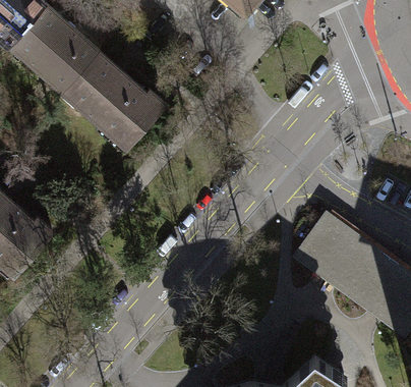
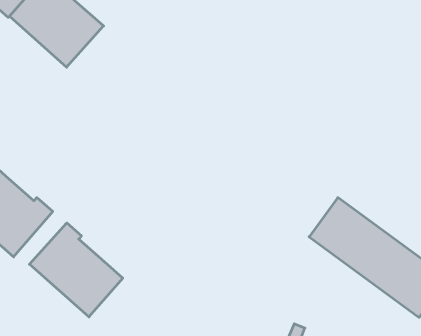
building: [66,56,166,151] -> none
building: none -> [29,223,123,317]

